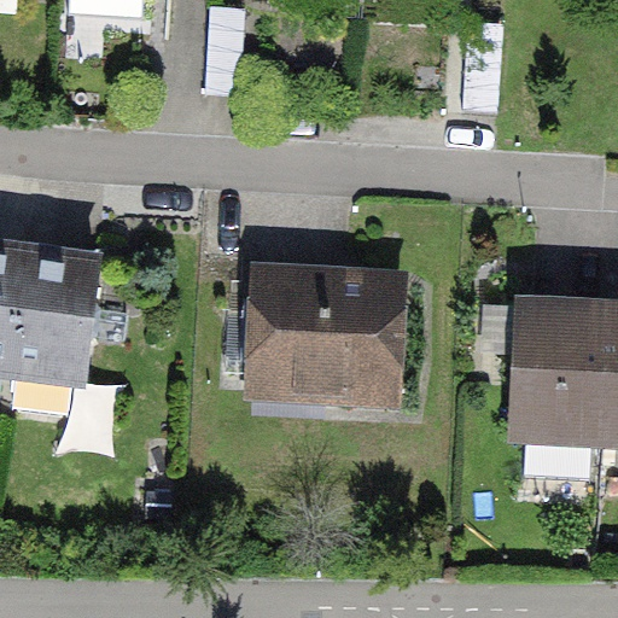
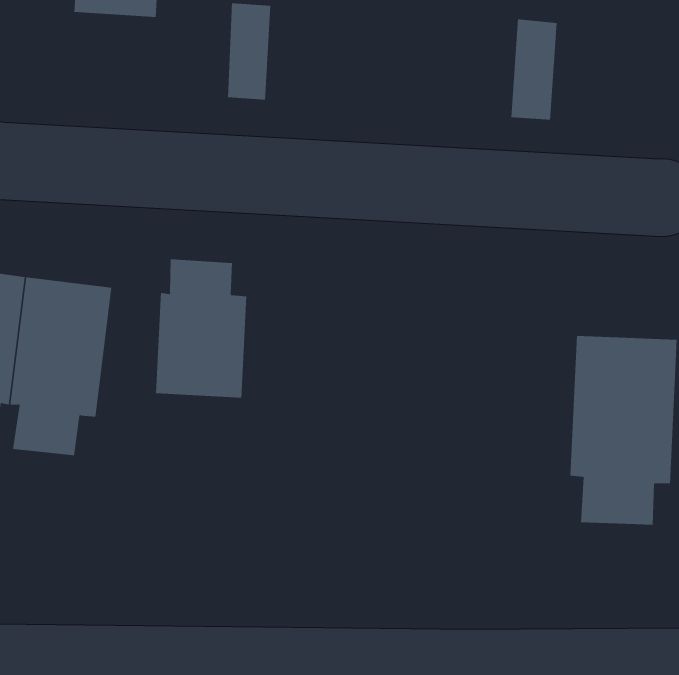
building: none -> [155,258,247,398]
building: [252,270,398,391] -> none

